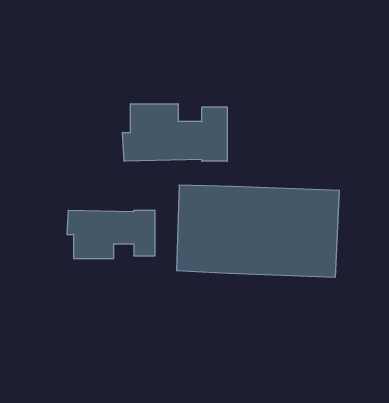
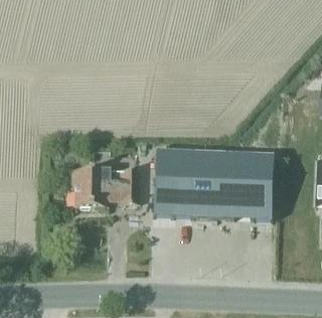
building: [123,104,227,161] -> none

